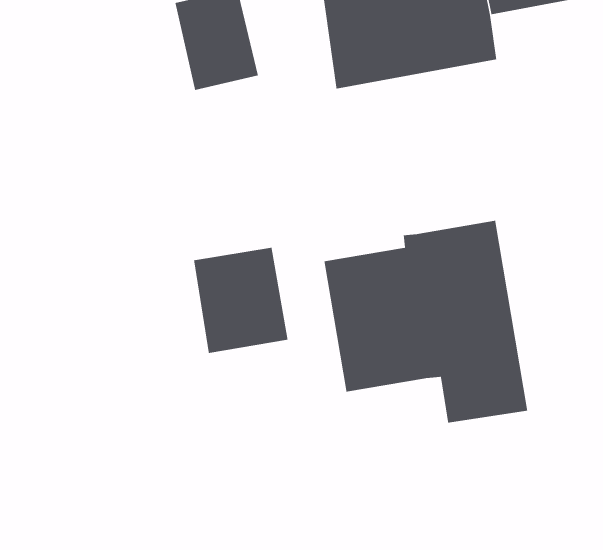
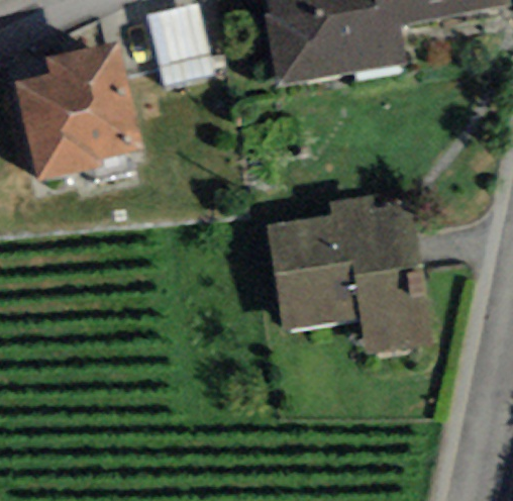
building: none -> [14,40,142,181]
building: [193,247,288,354] -> none

